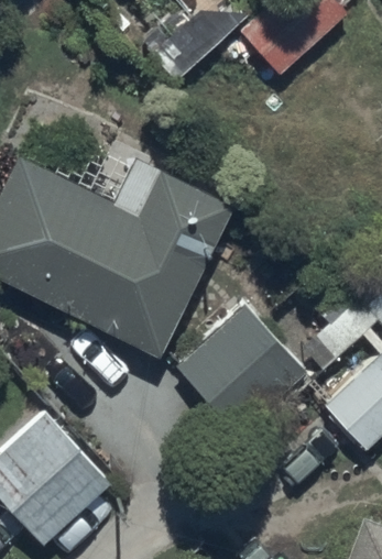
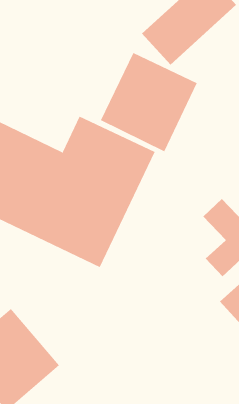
building: none -> [100,52,198,152]
building: [182,308,305,430] -> none

